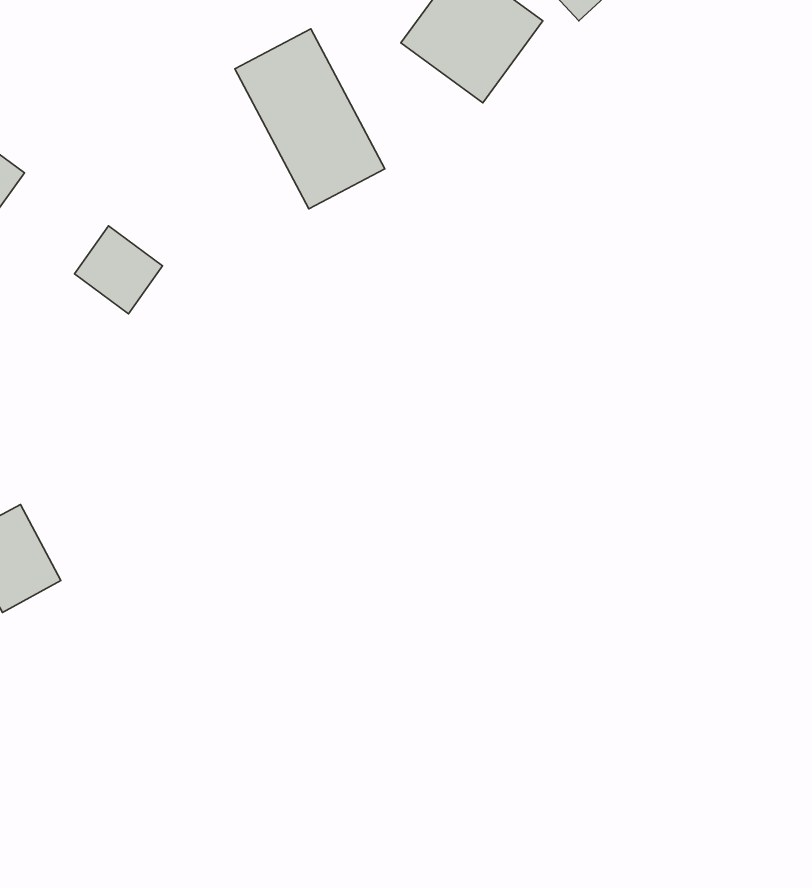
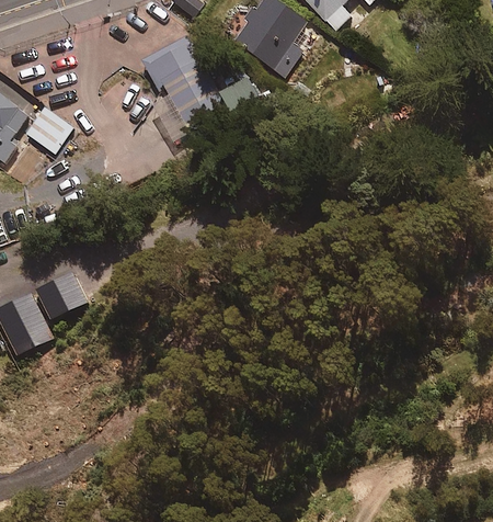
building: [75,226,163,314] -> [23,103,71,151]
building: none -> [36,273,85,320]

